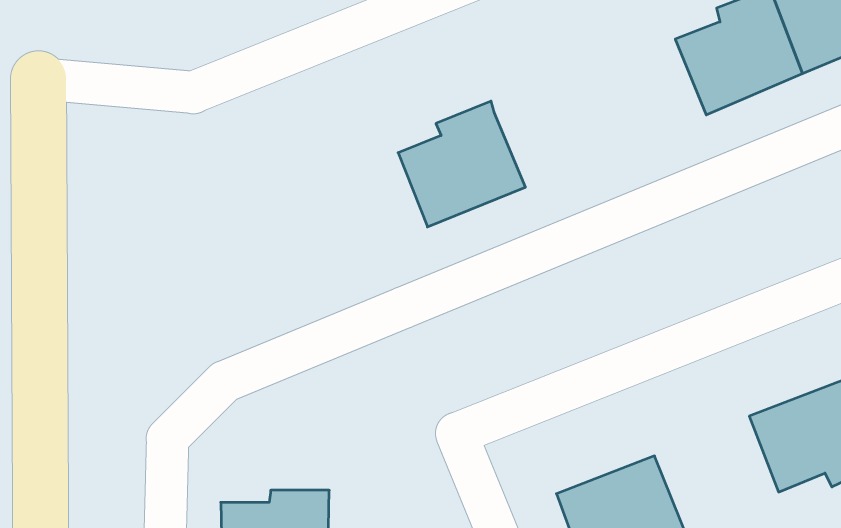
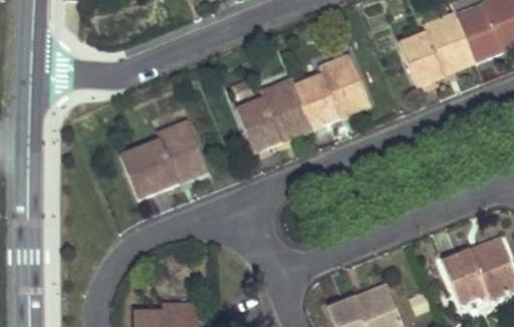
building: none -> [293,53,369,127]
building: none -> [120,119,207,198]

